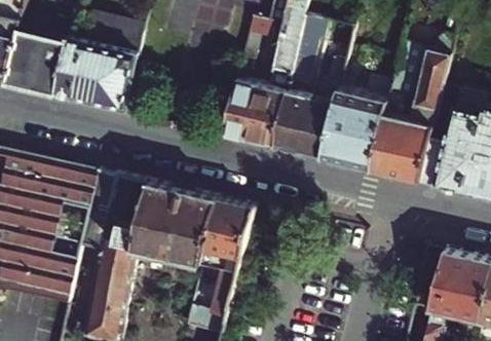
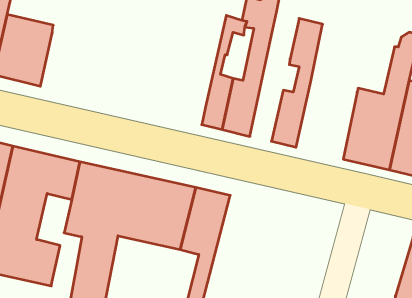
building: [54,24,140,110] -> none
building: [273,40,315,151] -> none
building: [322,88,385,169] -> none

